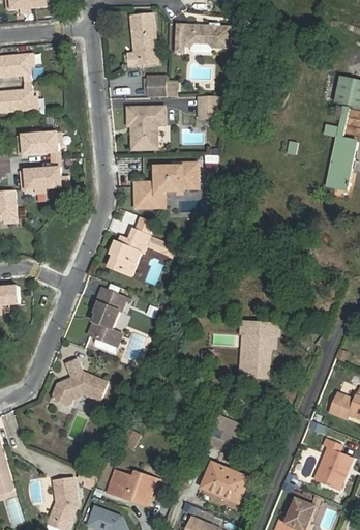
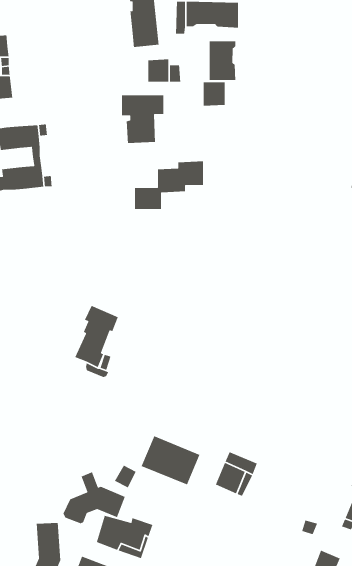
building: none -> [209,40,236,81]
building: [108,228,150,275] -> none
building: [238,319,281,378] -> none
building: [51,356,106,402] -> [62,471,126,524]
building: [199,460,250,503] -> [141,435,201,486]

